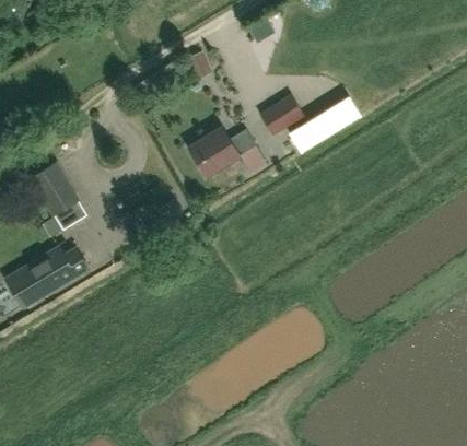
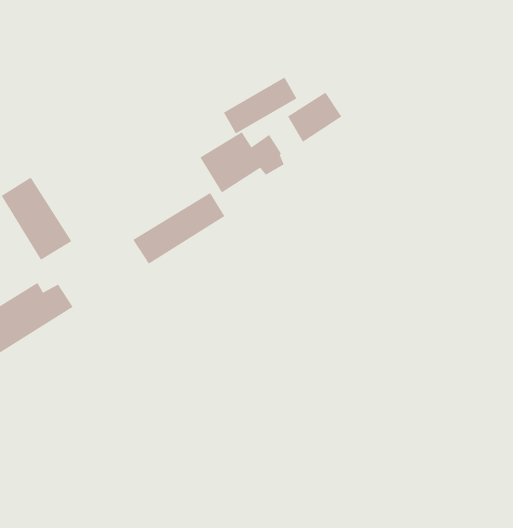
building: [293,106,352,152] -> [223,77,297,134]
building: none -> [133,192,225,264]

